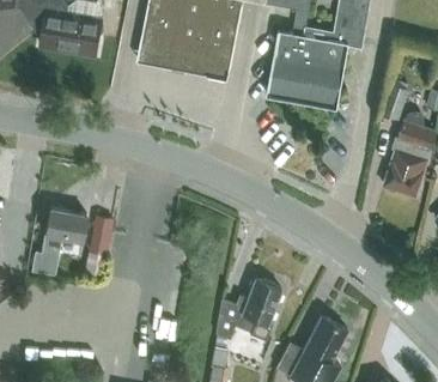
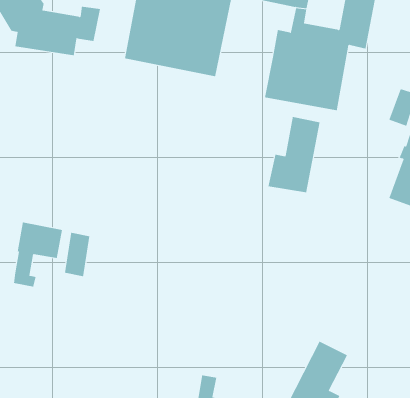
building: none -> [268,116,320,193]
building: [213,280,280,341] -> none

